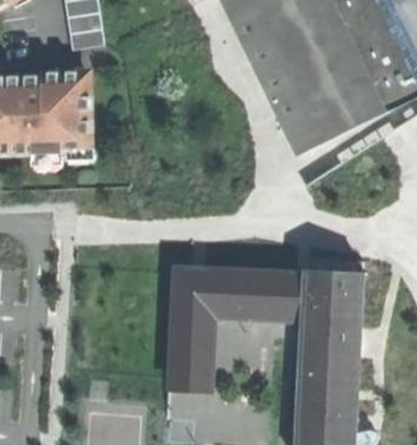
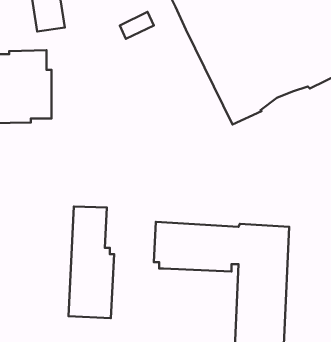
building: [165,266,217,394] -> [69,207,114,318]

